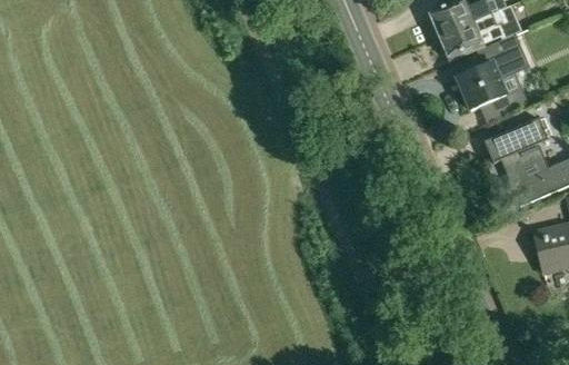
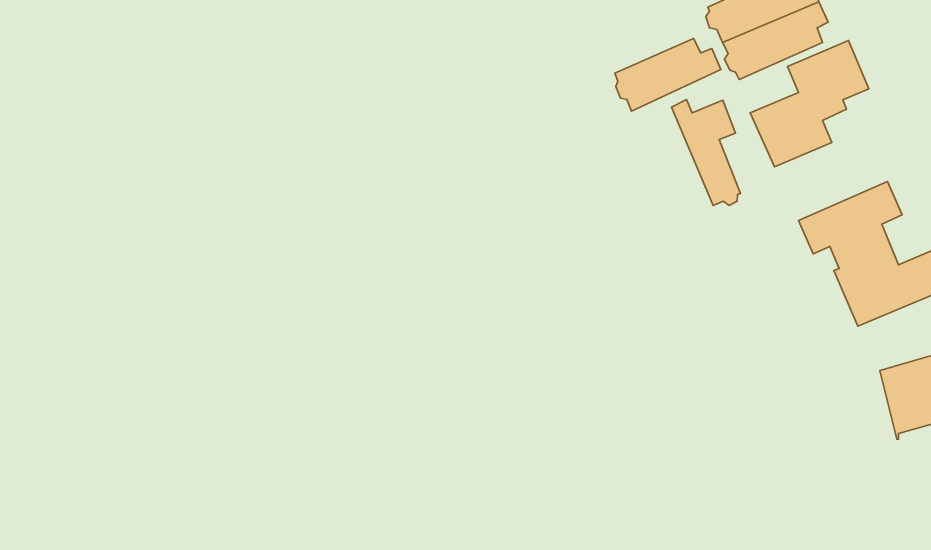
building: none -> [615,38,721,111]
building: none -> [671,100,741,205]

